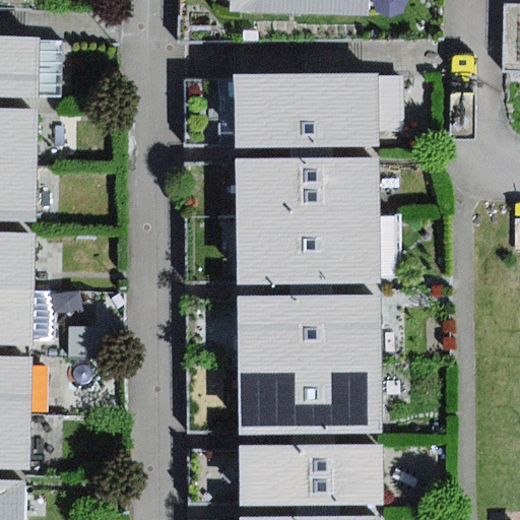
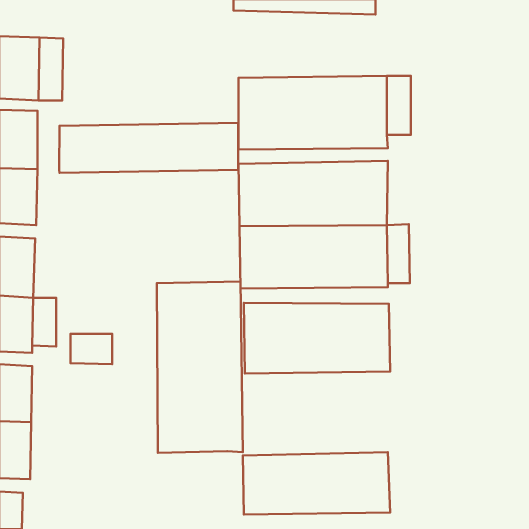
building: none -> [59,123,238,173]
building: none -> [157,282,243,453]
building: [240,364,383,434] -> none

